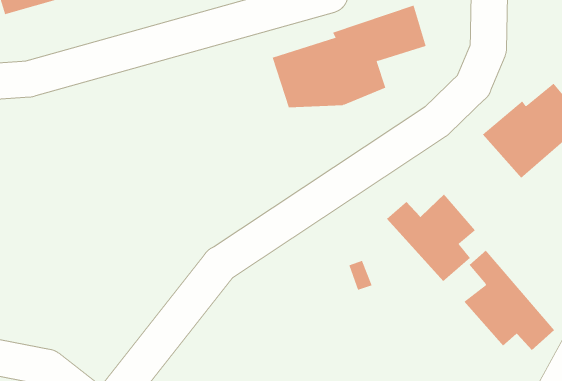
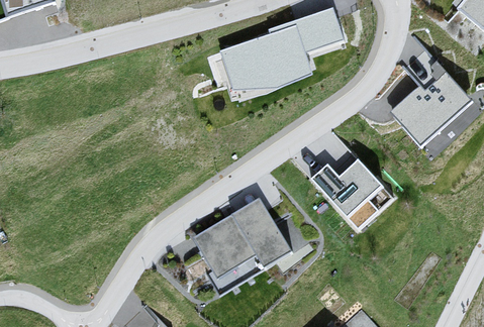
building: none -> [193,199,289,278]
building: [463,250,555,351] -> none

